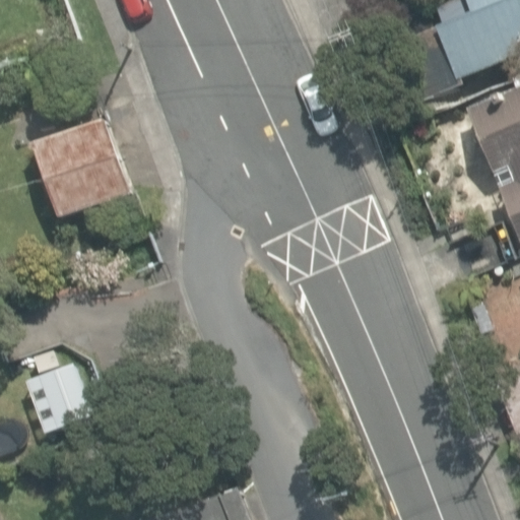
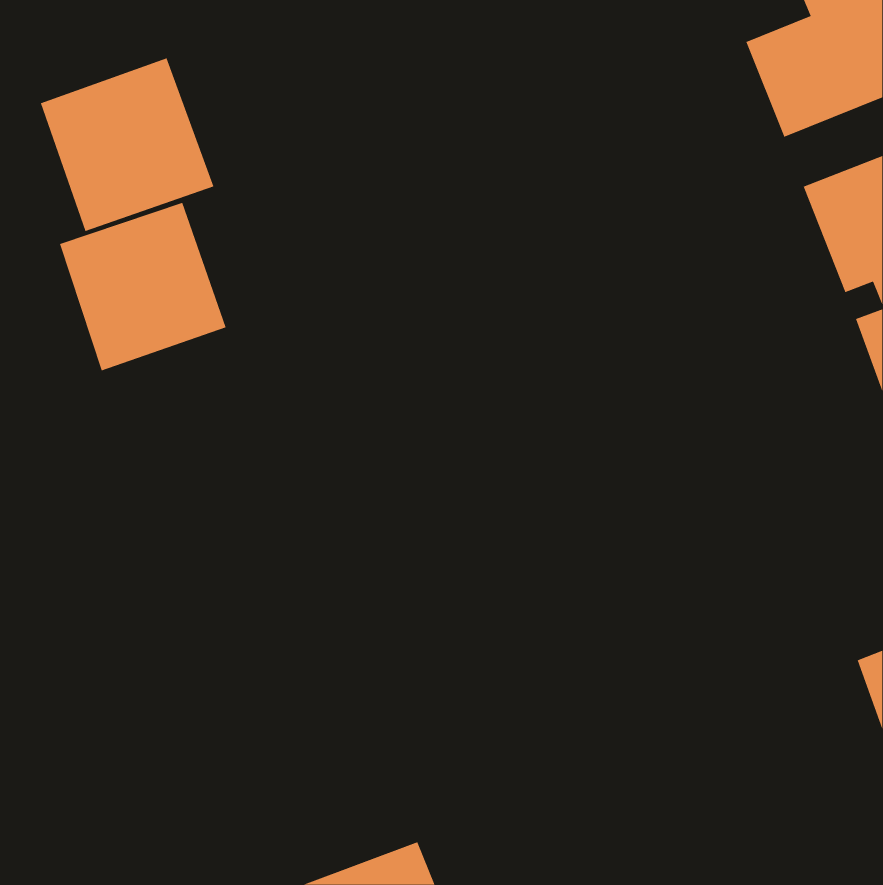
building: none -> [40,58,214,232]

